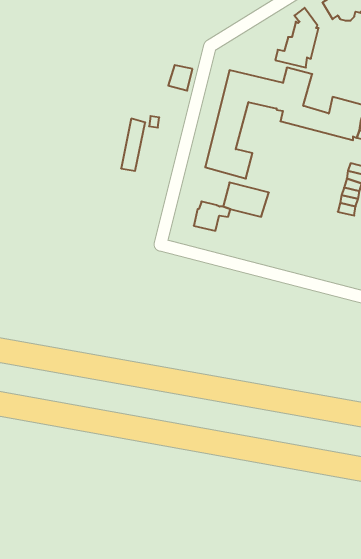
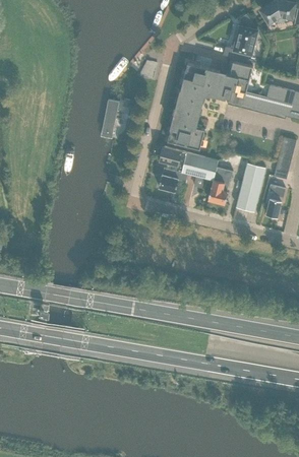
building: none -> [159,146,186,172]
building: none -> [236,162,264,211]
building: none -> [207,167,232,203]
building: none -> [265,184,285,217]

